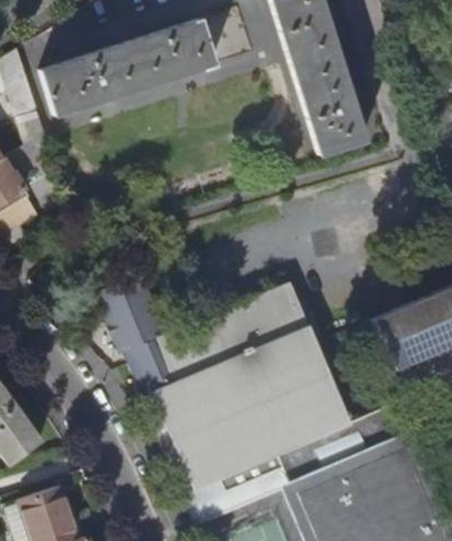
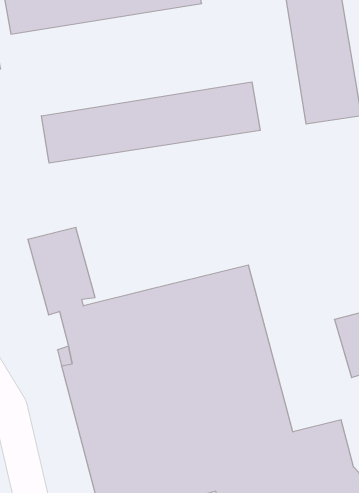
building: none -> [41,82,260,163]

